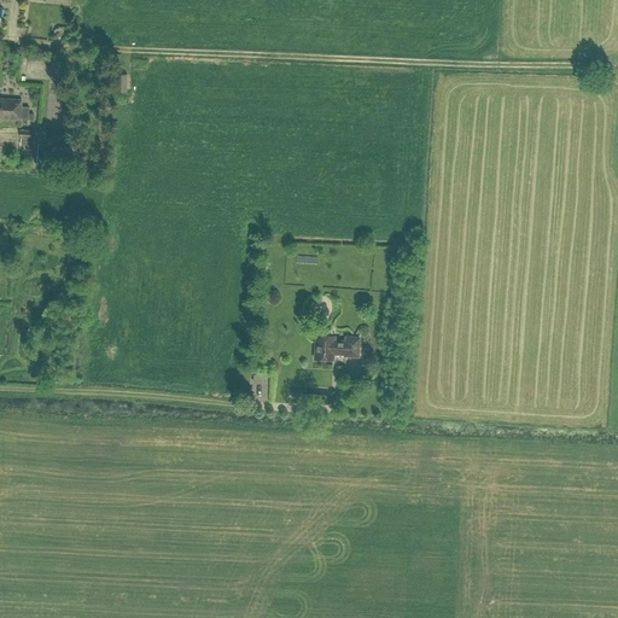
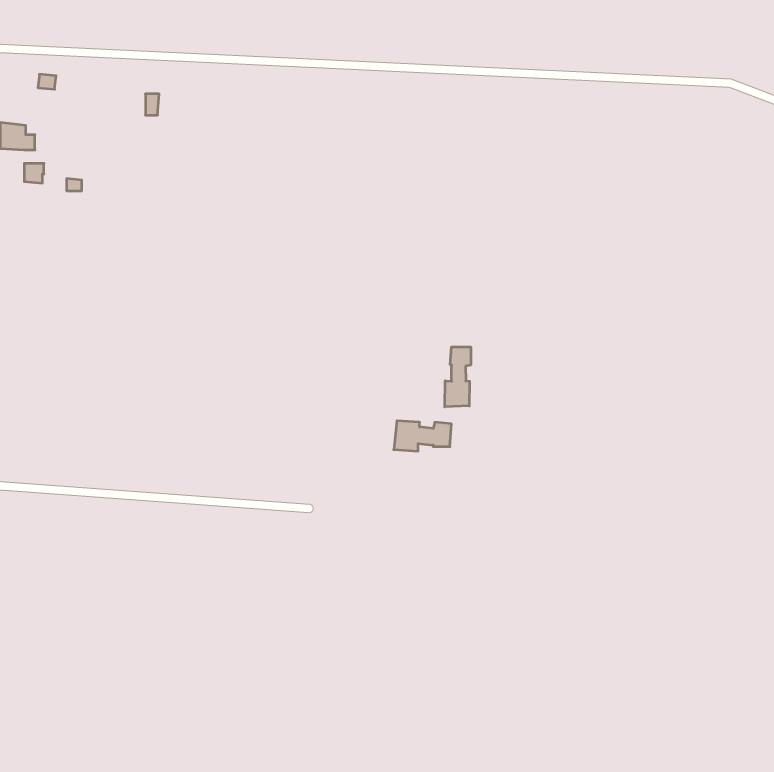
building: none -> [445,347,471,407]

